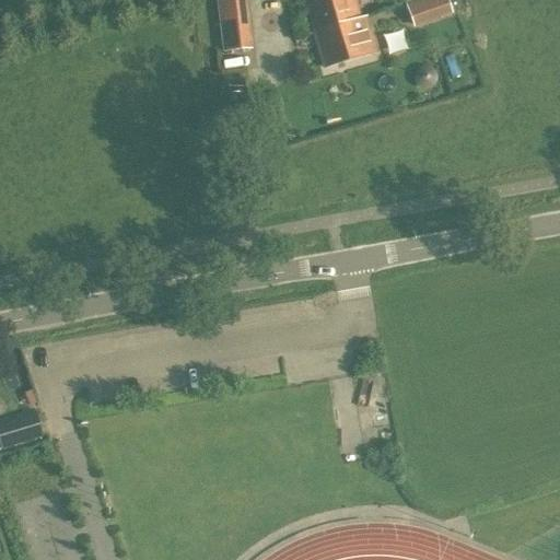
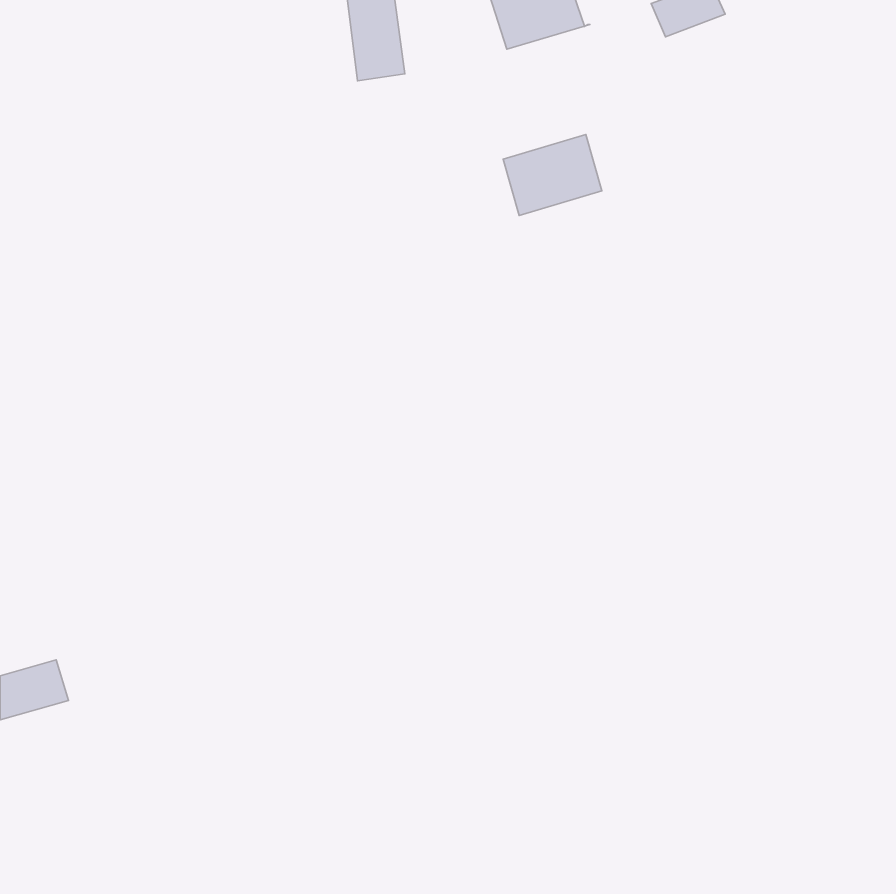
building: [317,15,378,66] -> [503,135,602,216]

